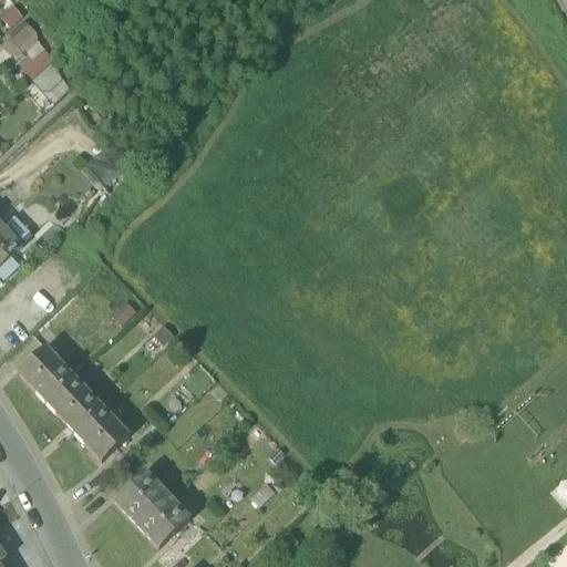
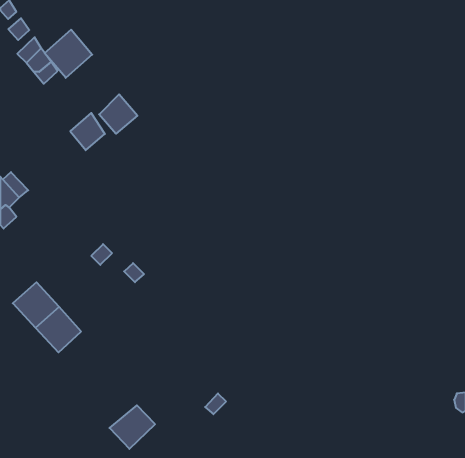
building: none -> [45,30,92,78]
building: none -> [99,94,137,134]
building: [72,403,130,461] -> none
building: [112,467,167,520] -> none

